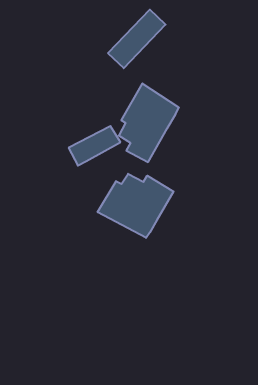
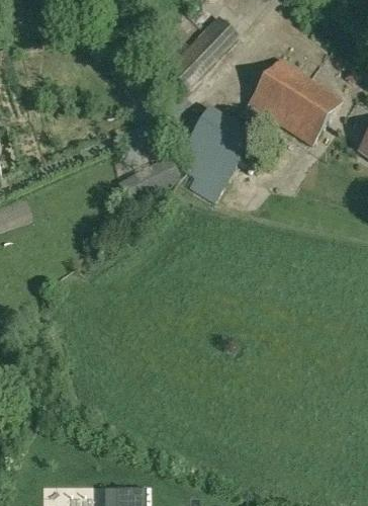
building: none -> [241,58,341,145]
building: [98,174,174,238] -> none

